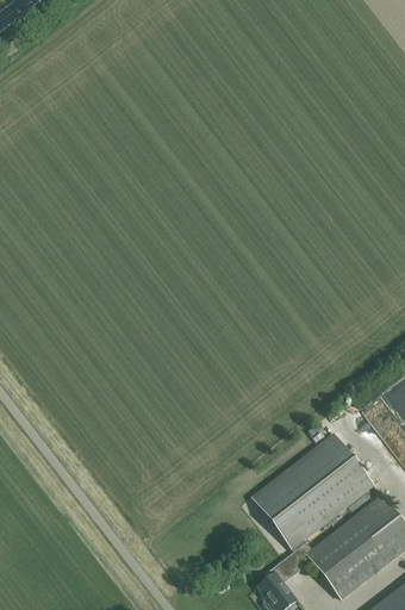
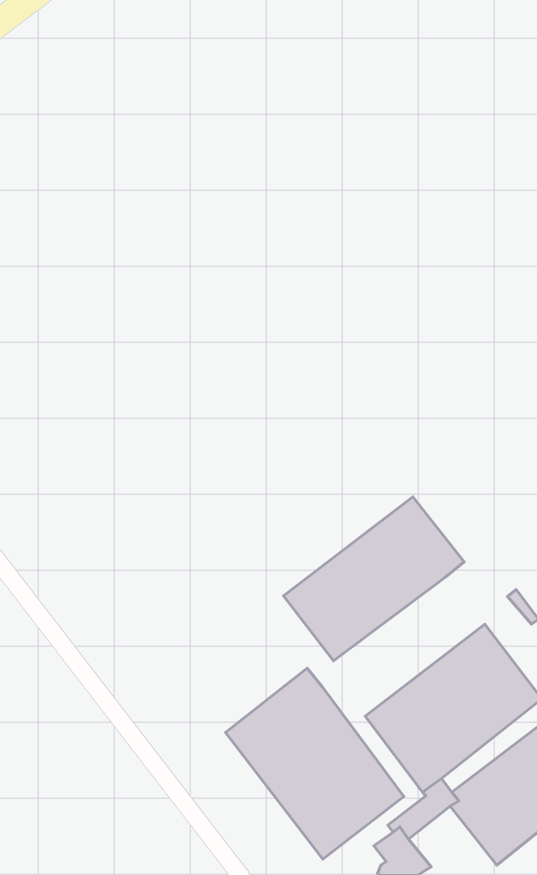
building: none -> [283,497,464,661]
building: none -> [225,668,404,859]

